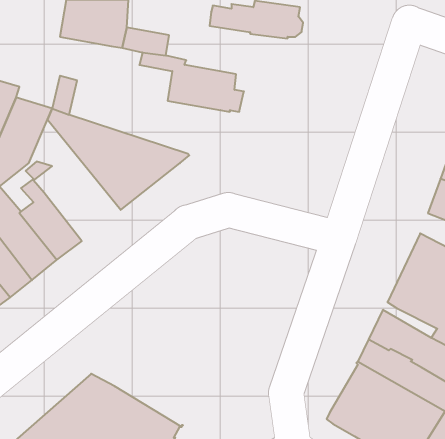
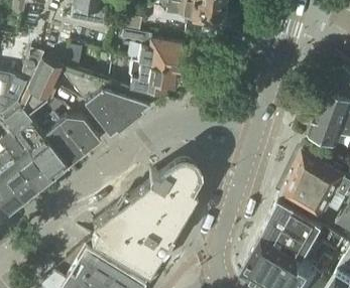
building: none -> [129,64,173,95]
building: none -> [60,119,99,156]
building: none -> [90,164,197,276]

